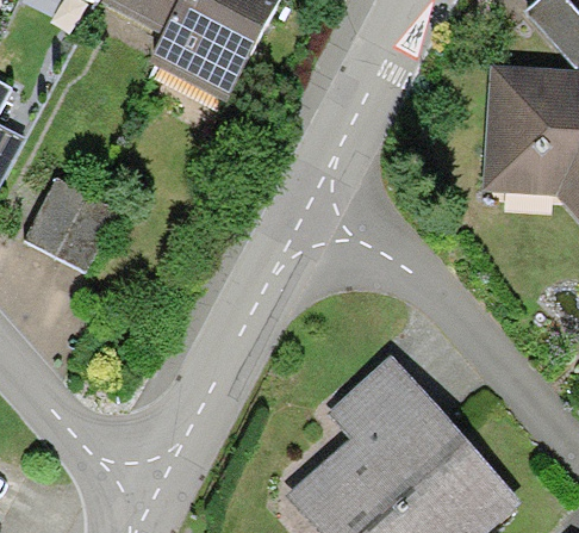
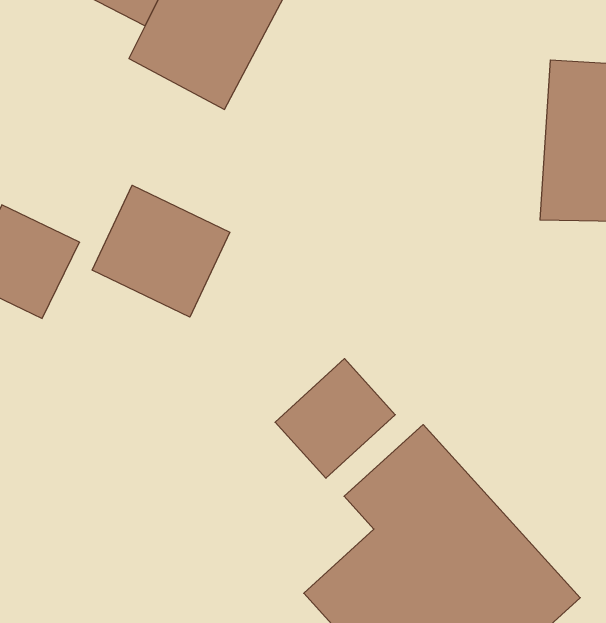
building: none -> [92,185,230,317]
building: none -> [275,359,395,478]

